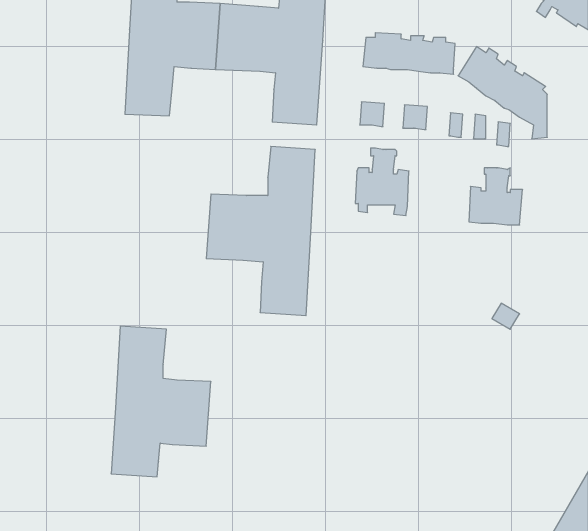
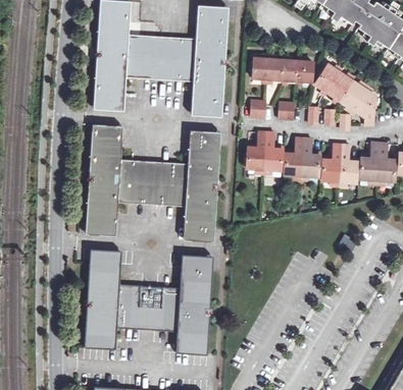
building: none -> [86,124,151,235]
building: none -> [285,137,320,176]
building: none -> [360,143,396,181]
building: none -> [148,255,213,354]

